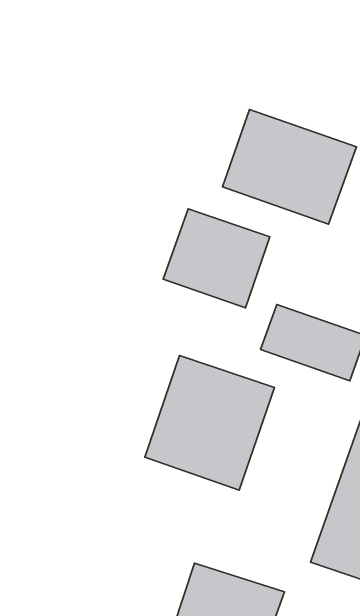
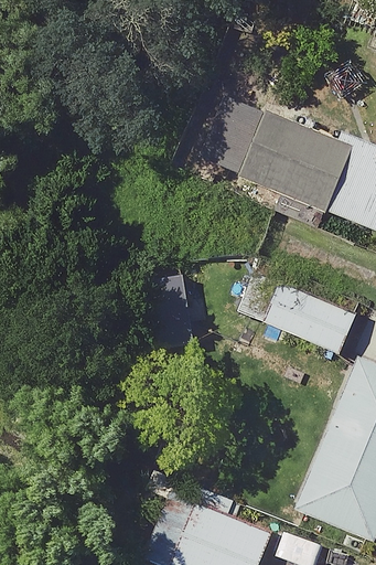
building: [163,209,270,308] -> none
building: [145,355,275,490] -> none

